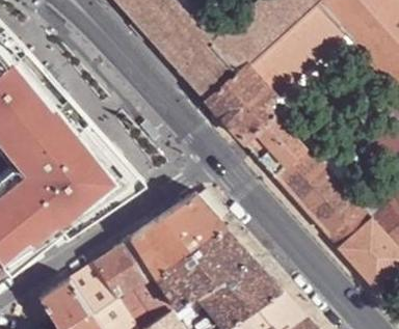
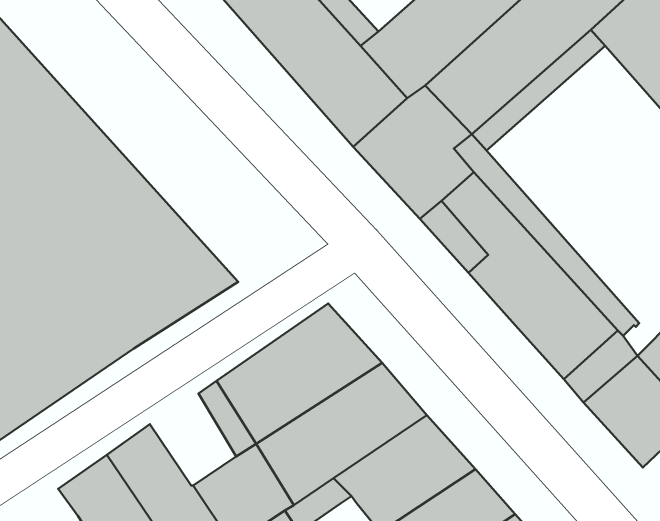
building: [92,247,142,300] -> none

